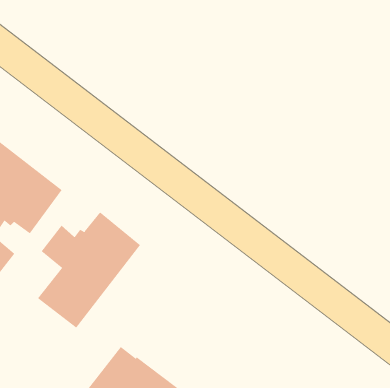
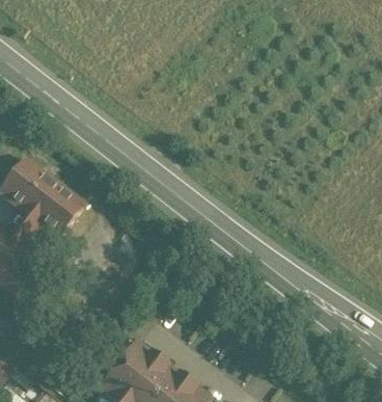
building: [37,212,141,329] -> none

